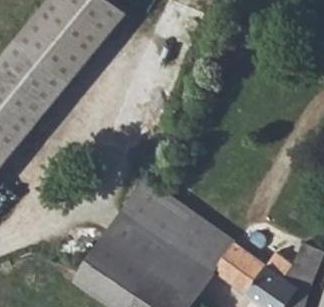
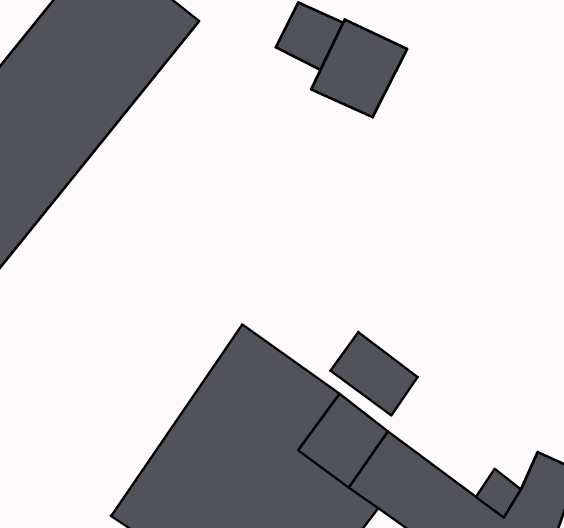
building: none -> [311,19,407,117]
building: none -> [330,332,418,415]

